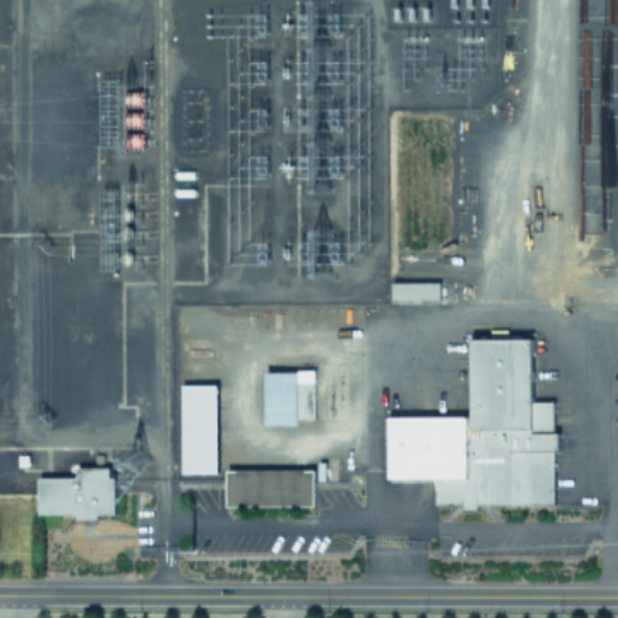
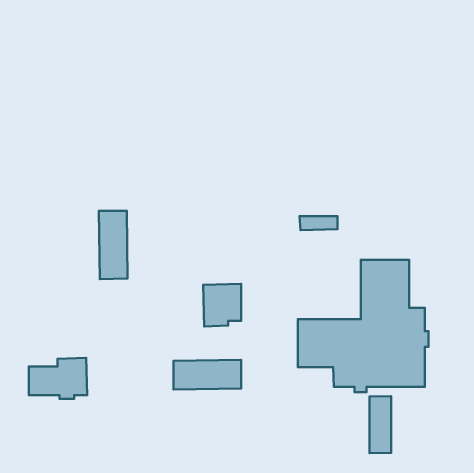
building: [180,385,217,474] -> [99,211,128,279]
building: none -> [370,396,391,453]

